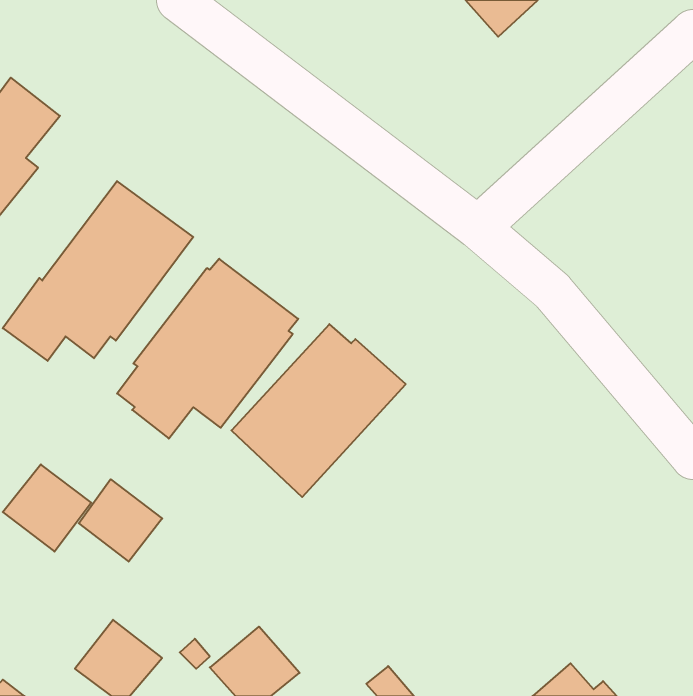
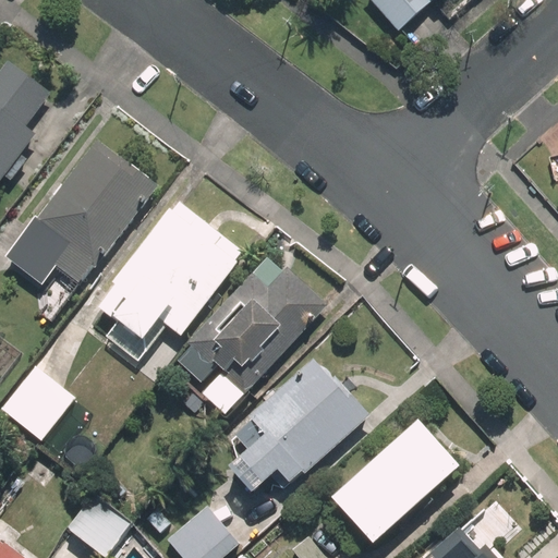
building: none -> [226,356,368,492]
building: [79,479,162,562] -> none
building: none -> [331,418,460,544]

